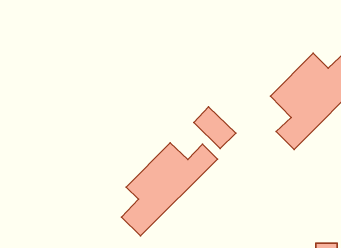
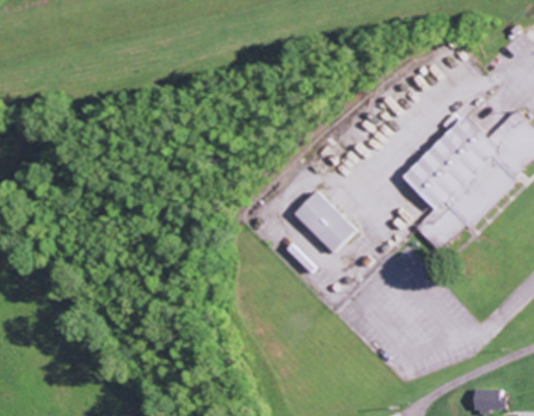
building: [121,143,218,236] -> none

